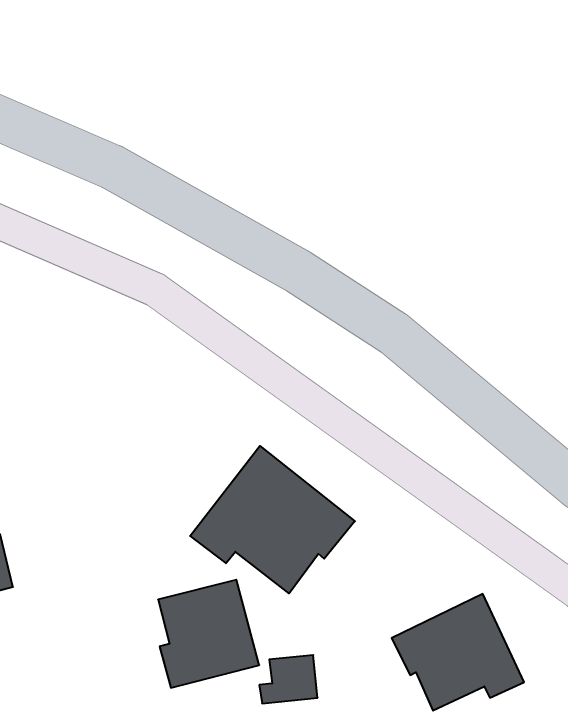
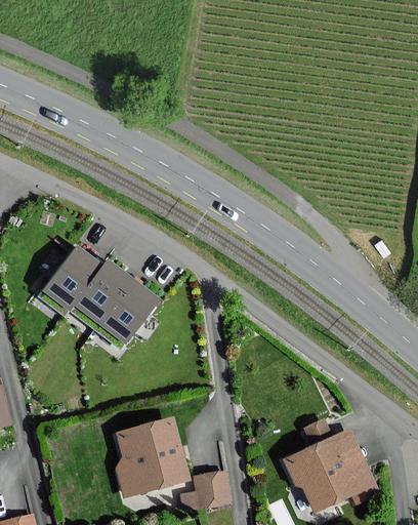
building: none -> [46,248,158,339]
building: [190,446,355,593] -> none

